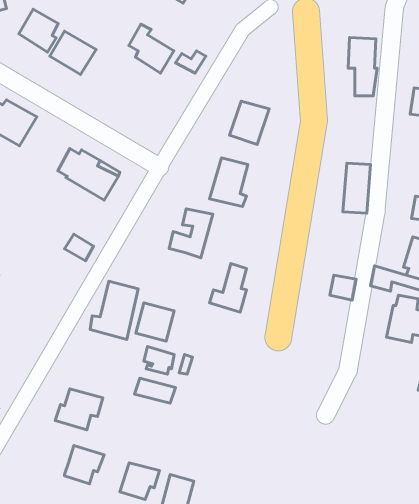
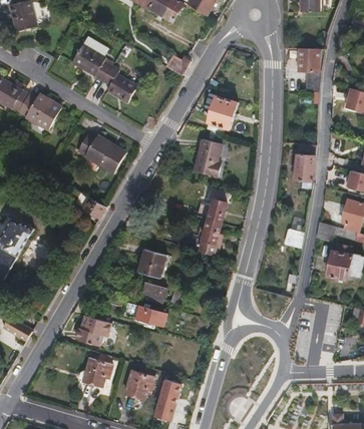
building: [19,9,58,52] -> none
building: [129,24,174,73] -> [102,65,136,102]
building: [169,209,213,258] -> [197,186,230,224]
building: [90,281,138,340] -> none

